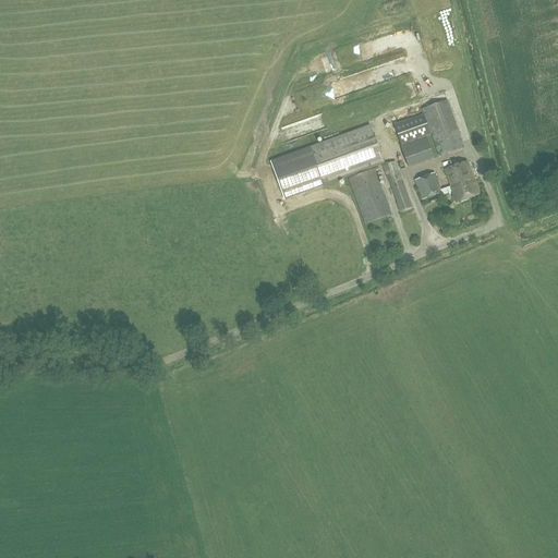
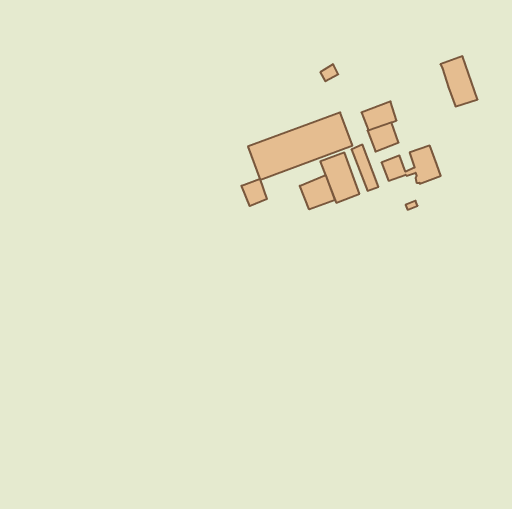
building: [422,97,462,151] -> [440,56,478,106]
building: none -> [300,175,335,209]
building: none -> [241,179,267,206]

